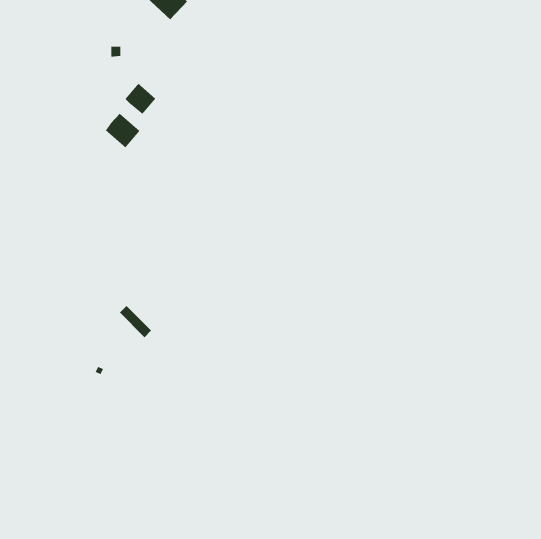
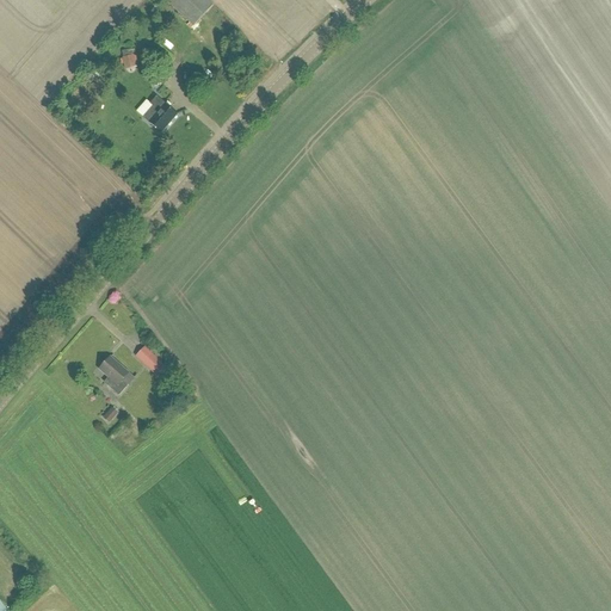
building: [105,113,140,148] -> none
building: none -> [98,353,131,391]

